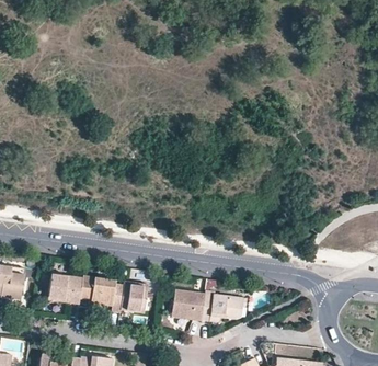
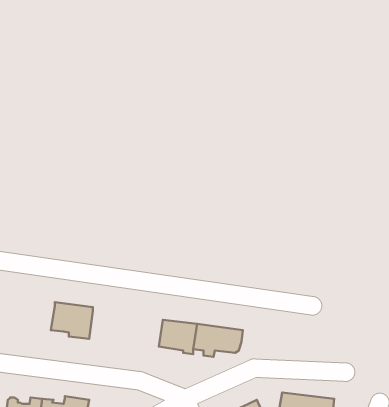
building: [46,273,81,302] -> none
building: [110,279,146,311] -> none

